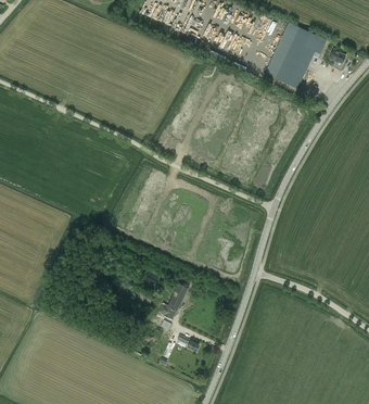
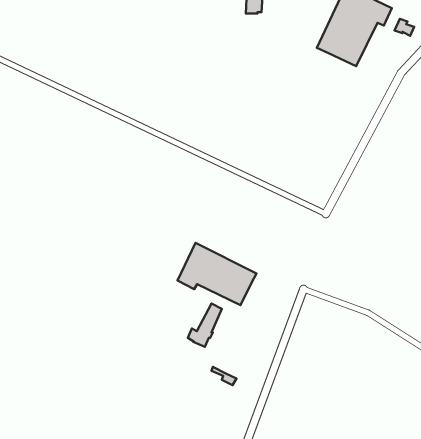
building: none -> [177,243,257,305]

